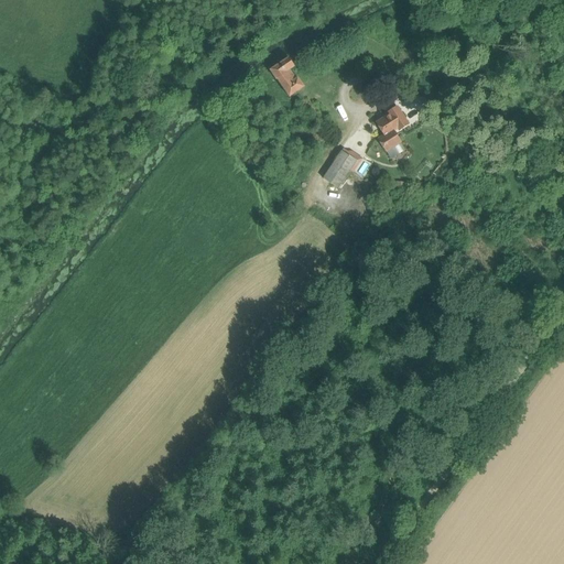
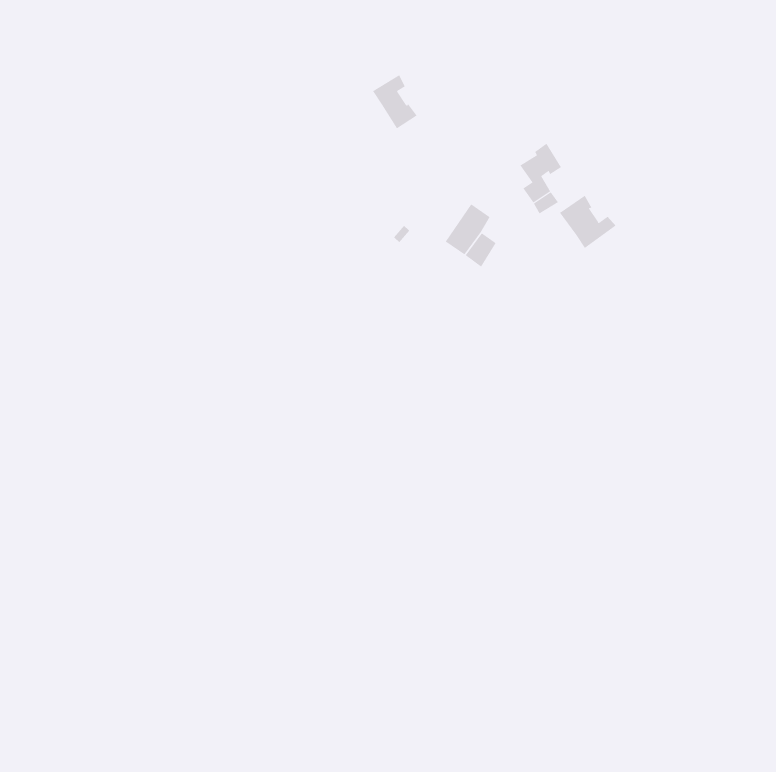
building: none -> [559,195,616,249]

